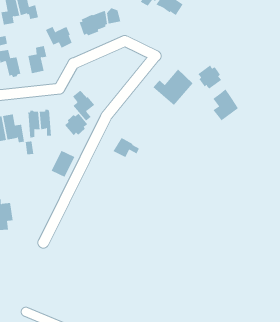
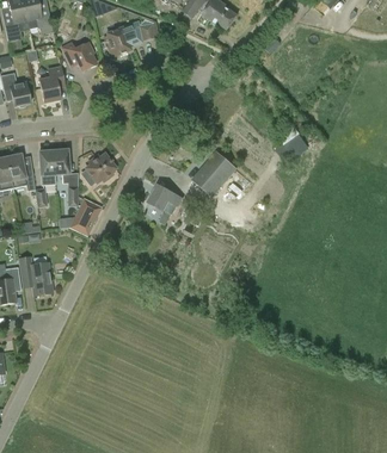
building: [197,64,222,89] -> none
building: [153,68,194,106] -> [184,149,236,197]
building: [72,90,95,121] -> none
building: none -> [18,255,53,294]

